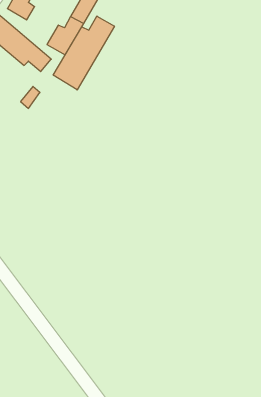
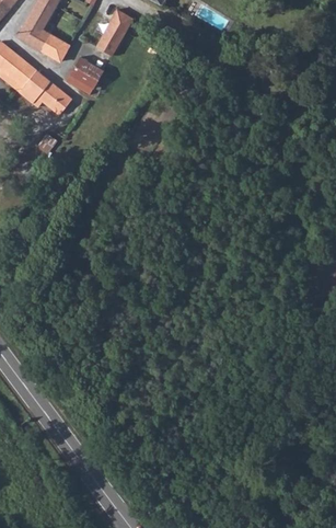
building: none -> [40,34,70,62]
building: [53,16,114,90] -> none

